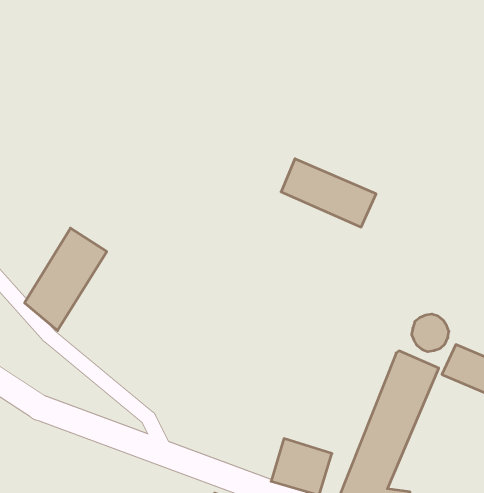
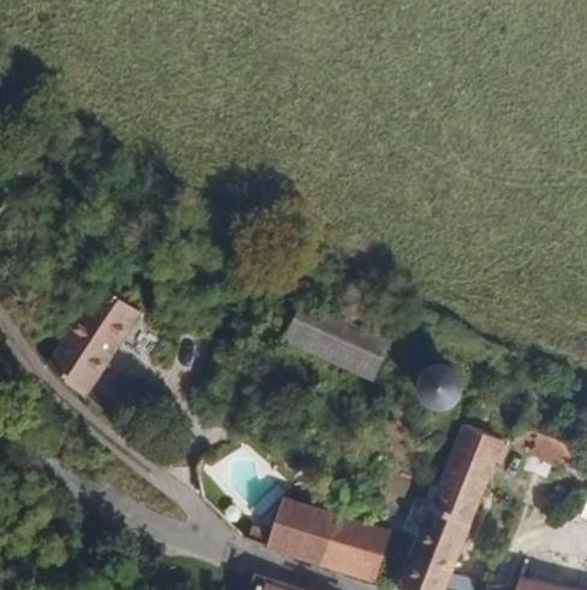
building: [281,159,376,227] -> [284,306,391,383]
building: [412,314,449,352] -> [419,367,461,409]
building: none -> [269,502,336,565]

